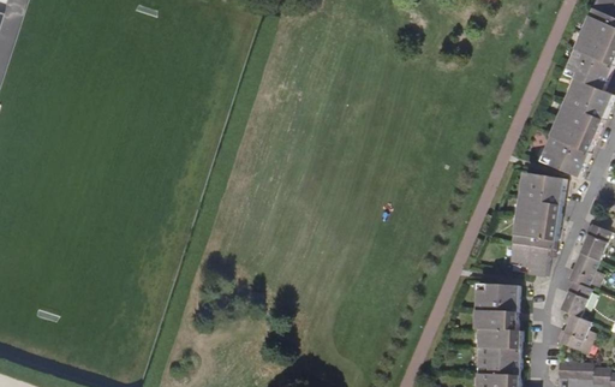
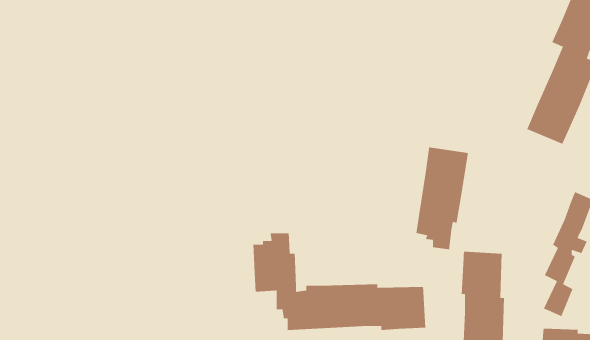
building: [512,171,566,275] -> [415,147,469,250]
building: none -> [252,232,426,331]

